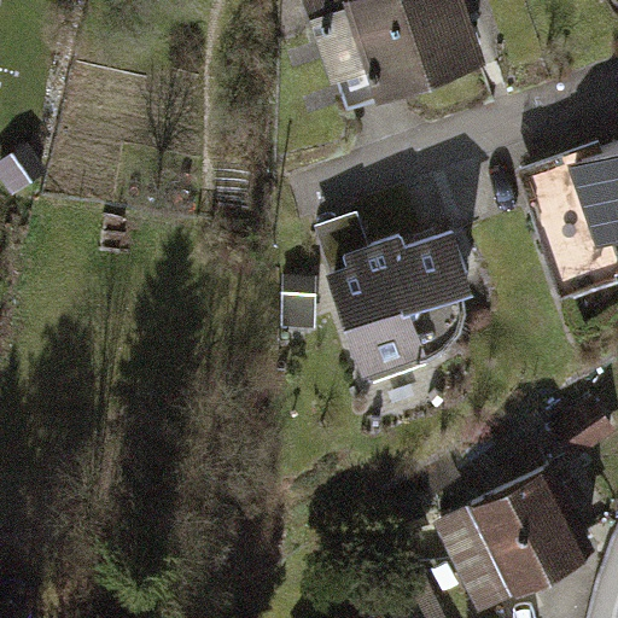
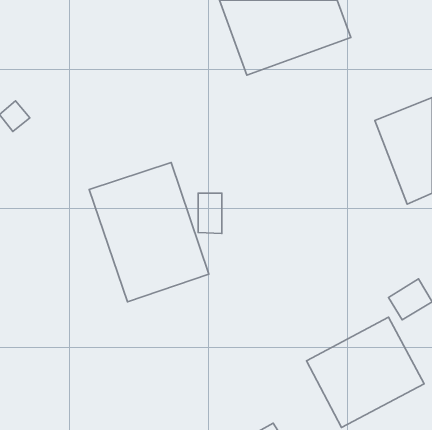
building: [315,218,476,378] -> none
building: none -> [89,162,209,302]

